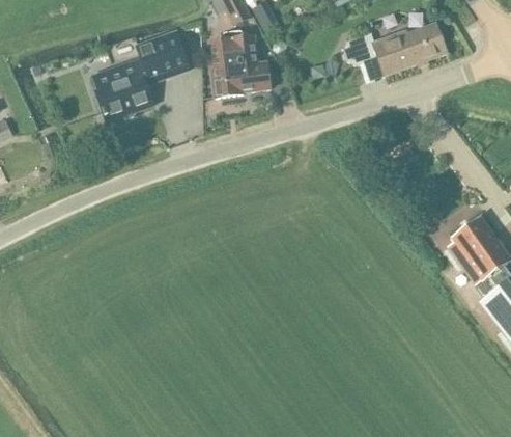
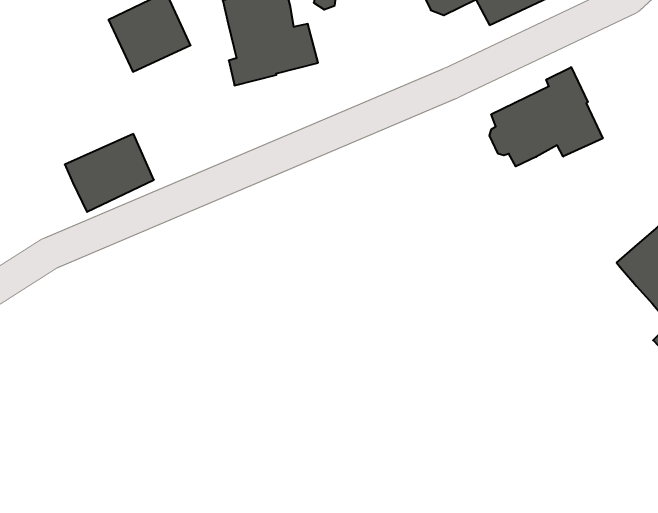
building: [95,73,152,120] -> [65,134,154,212]
building: none -> [490,67,603,166]

